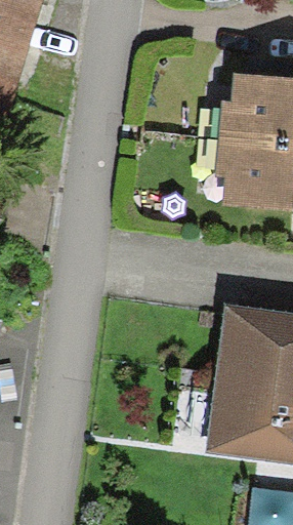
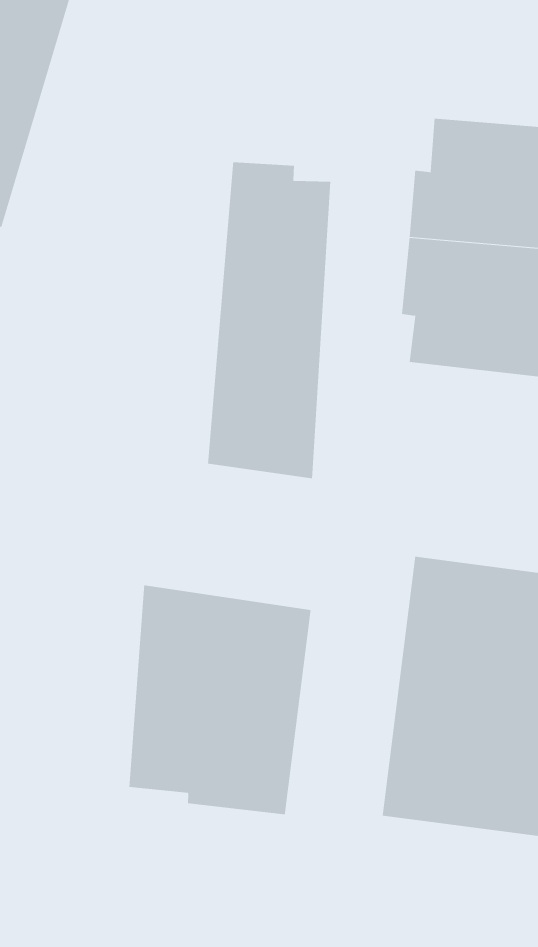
building: none -> [208,161,331,479]
building: none -> [129,584,311,815]

